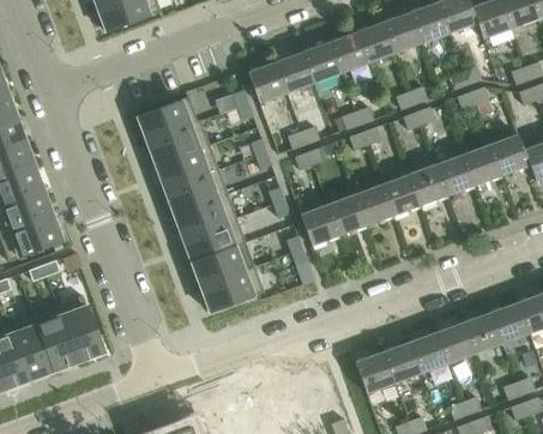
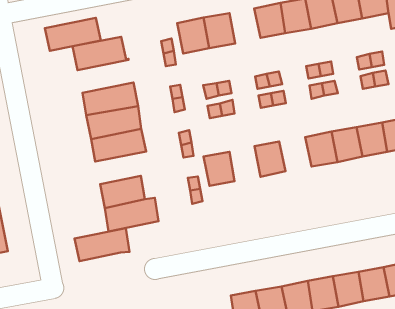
building: [302,42,340,84] -> none
building: [146,121,210,165] -> [45,18,101,51]
building: [380,174,420,215] -> none
building: [327,193,366,235] -> none
building: [182,218,245,263] -> [75,228,129,261]

